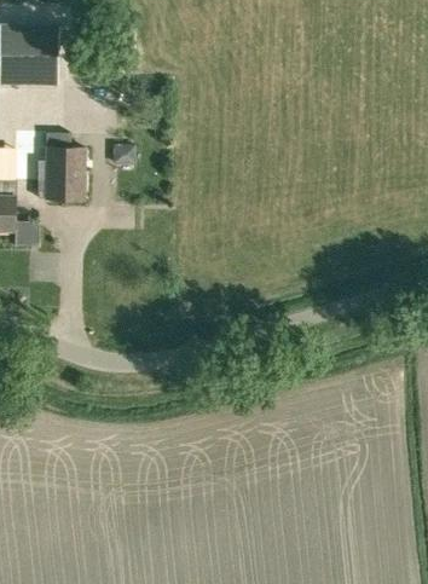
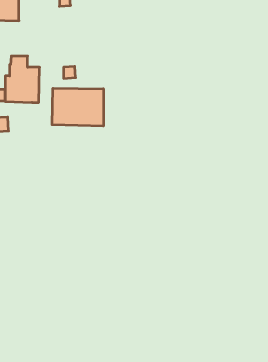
building: none -> [52,88,103,126]

